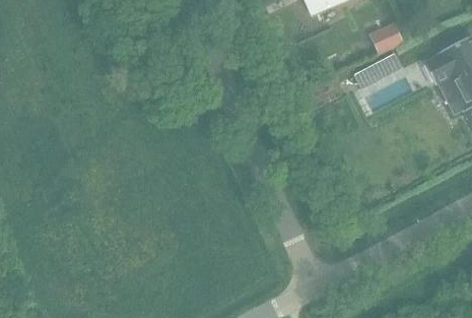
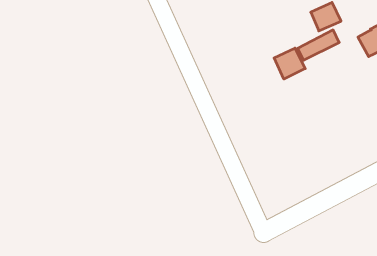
building: none -> [274,48,305,79]

